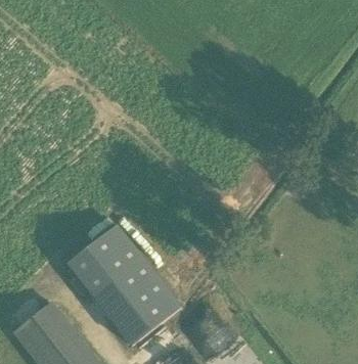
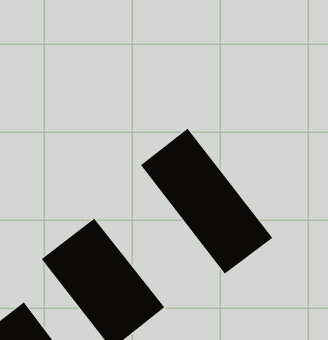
building: none -> [140,128,273,275]

